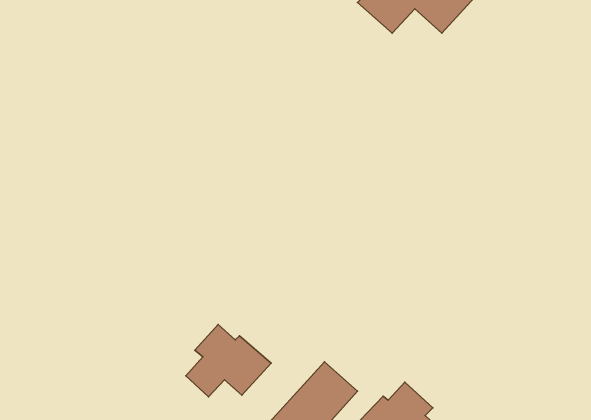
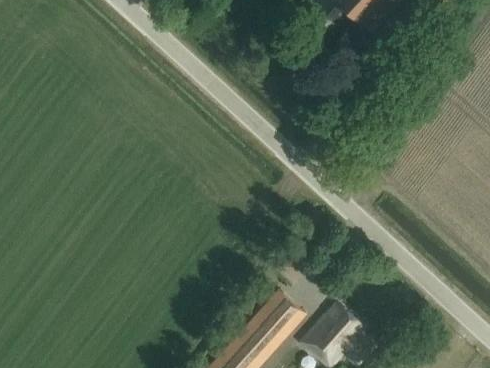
building: [186,325,271,397] -> none

